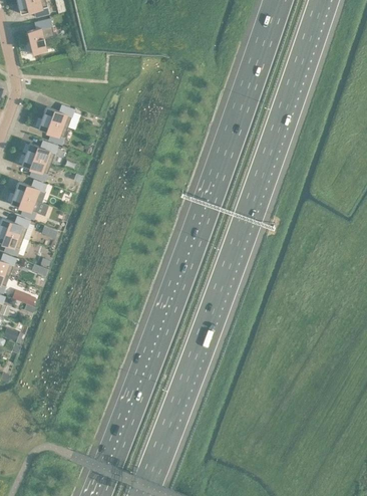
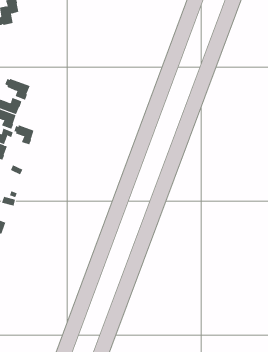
building: [41,105,73,128] -> none
building: none -> [13,124,34,145]

